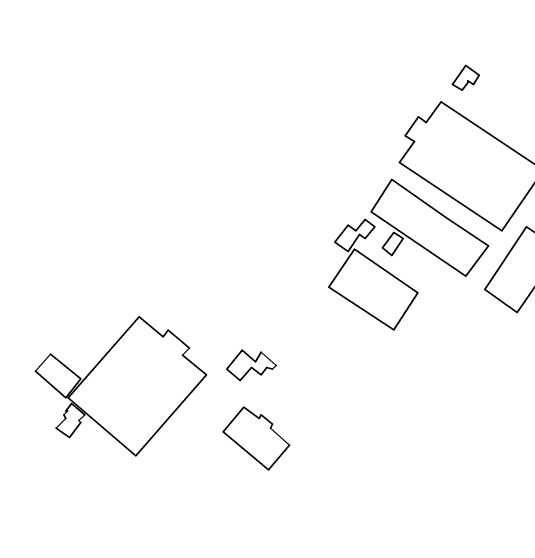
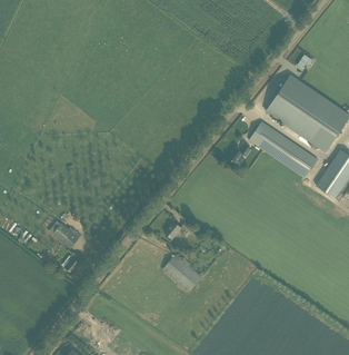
building: [329,249,418,330] -> none
building: [68,317,207,456] -> none

